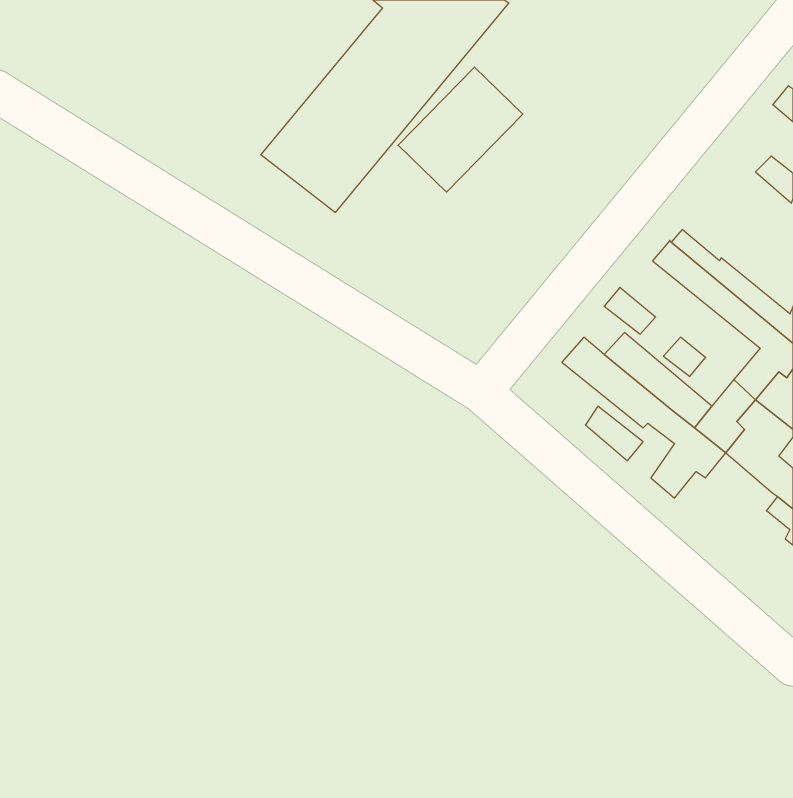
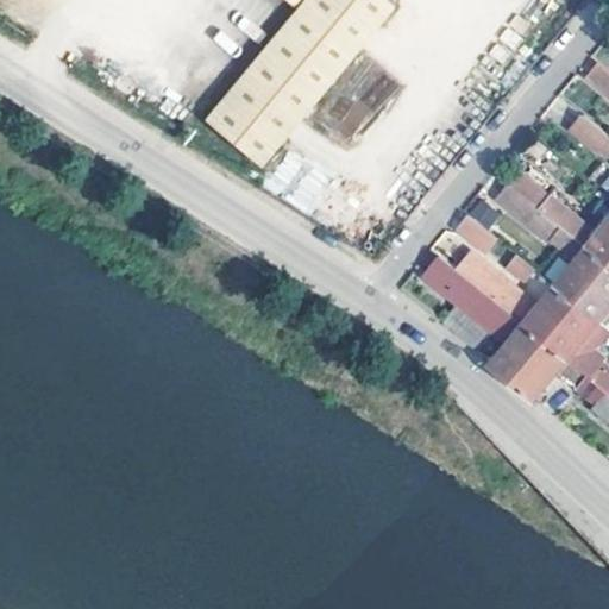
building: none -> [514,345,588,398]

